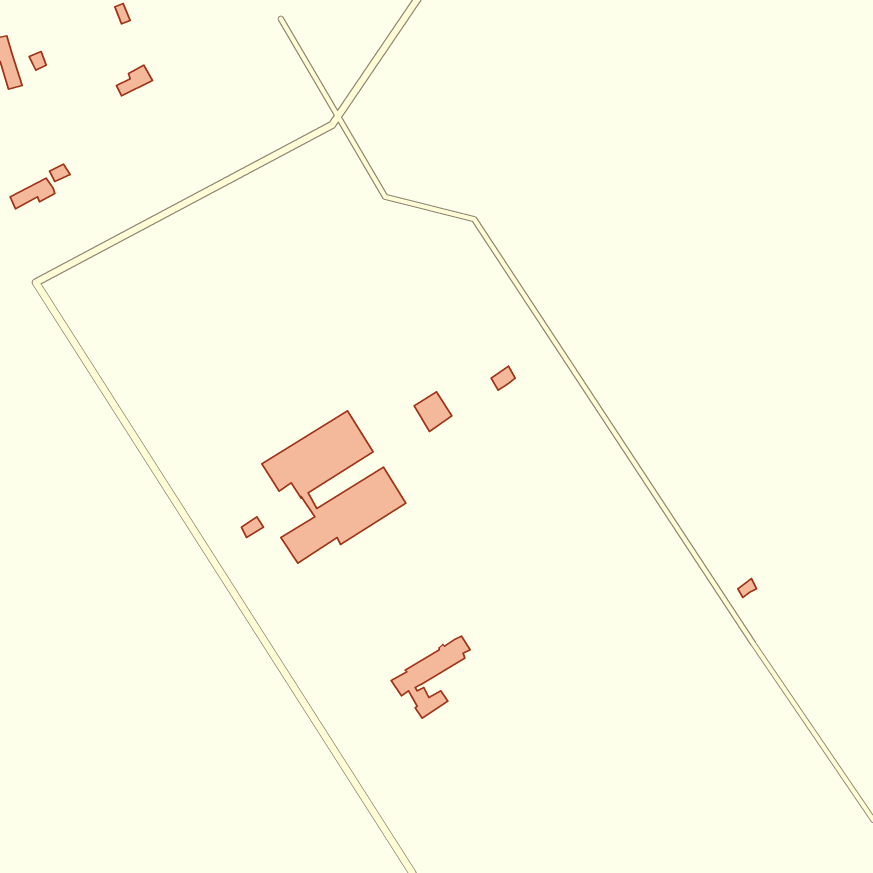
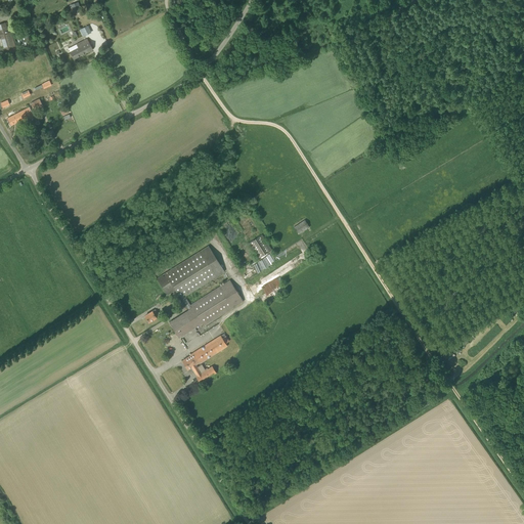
building: [391,636,470,718] -> [181,333,228,382]

